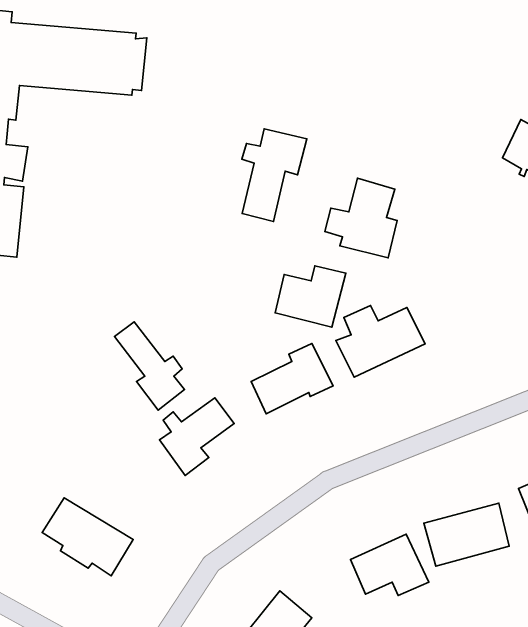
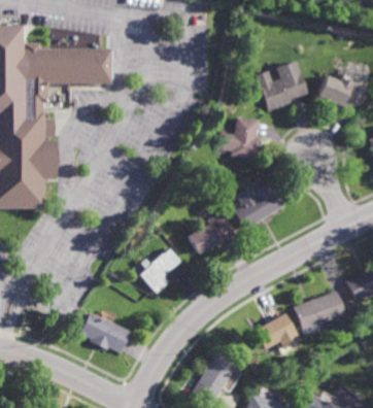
building: none -> [260,61,309,110]
building: [242,129,307,222] -> none
building: [275,266,346,327] -> none
building: [114,322,185,410] -> none

